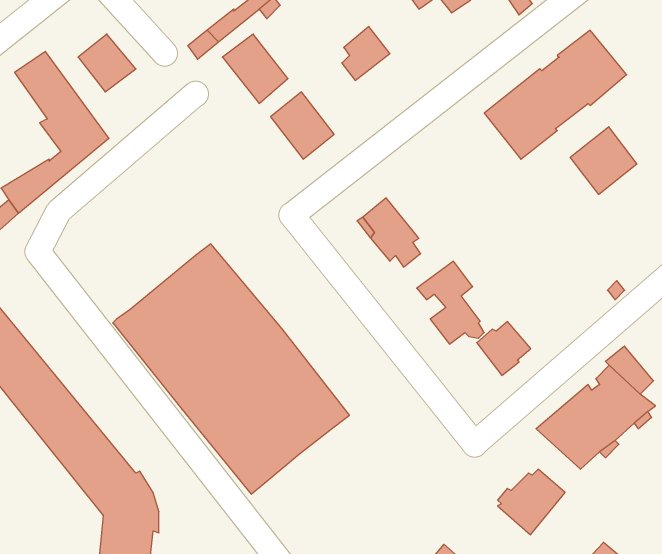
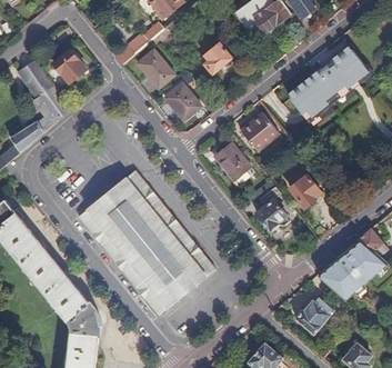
building: [570,127,637,194] -> none
building: none -> [240,112,280,151]
building: [477,322,531,375] -> [290,176,321,207]

